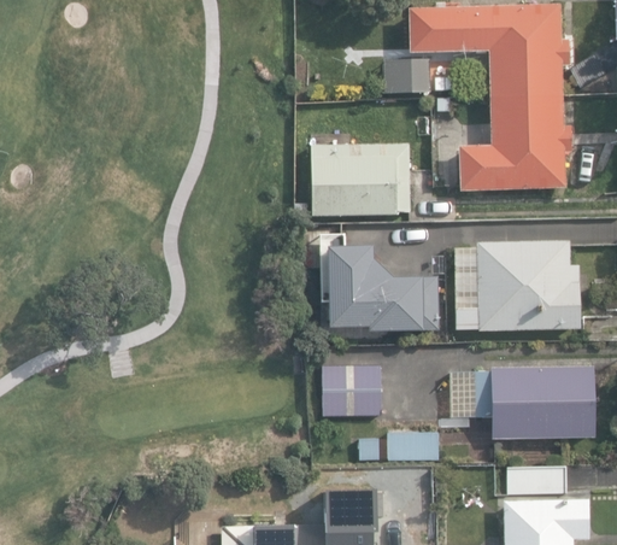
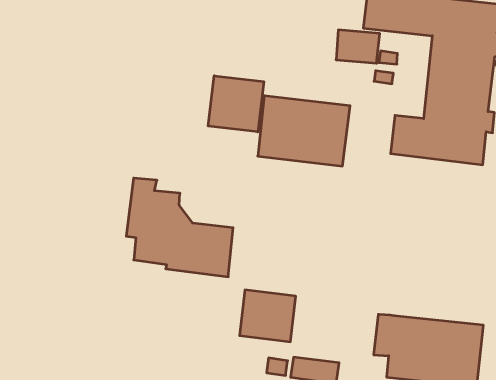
building: none -> [208,76,264,132]
building: [318,234,440,332] -> [126,178,233,277]
building: [453,239,581,329] -> none

